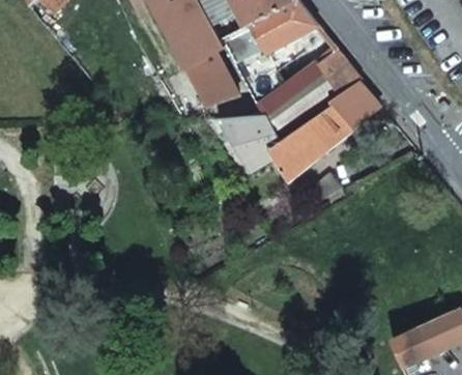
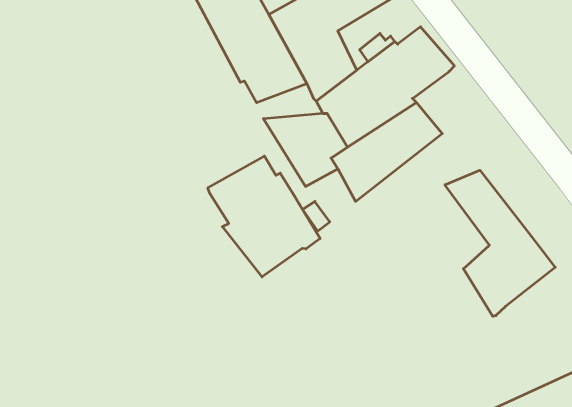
building: [329,83,379,131] -> none
building: none -> [208,156,320,277]
building: none -> [445,170,555,316]

